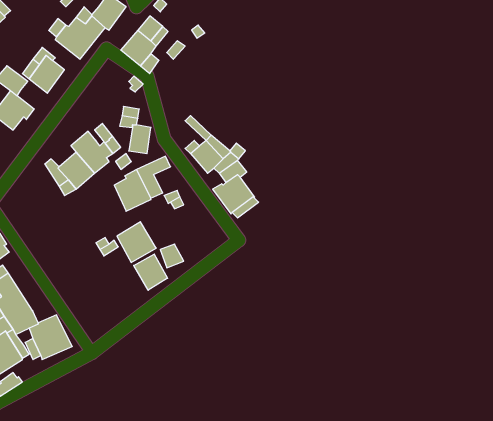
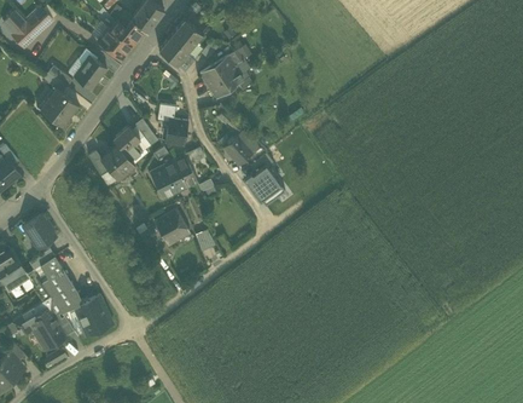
building: none -> [199,45,254,99]
building: [134,254,168,290] -> none

